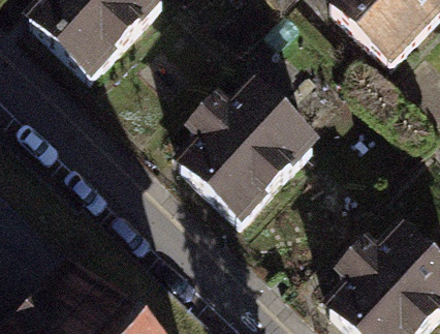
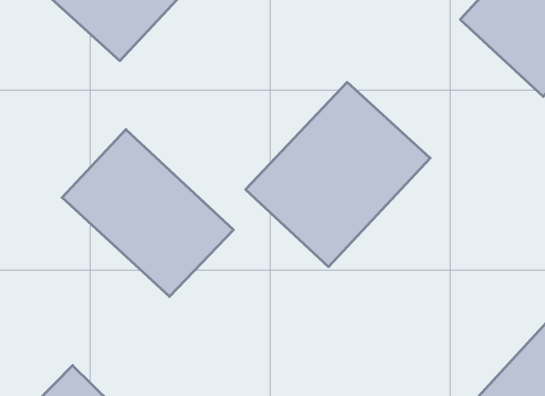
building: none -> [62,129,233,297]

